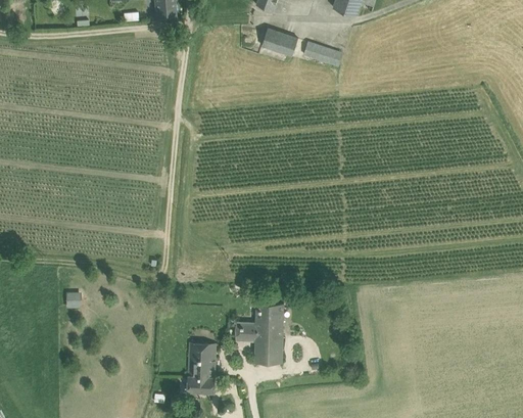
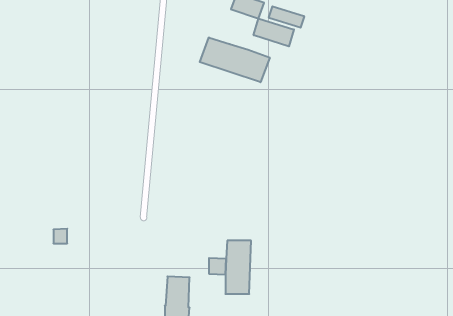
building: none -> [254,18,294,46]
building: none -> [200,37,270,82]

